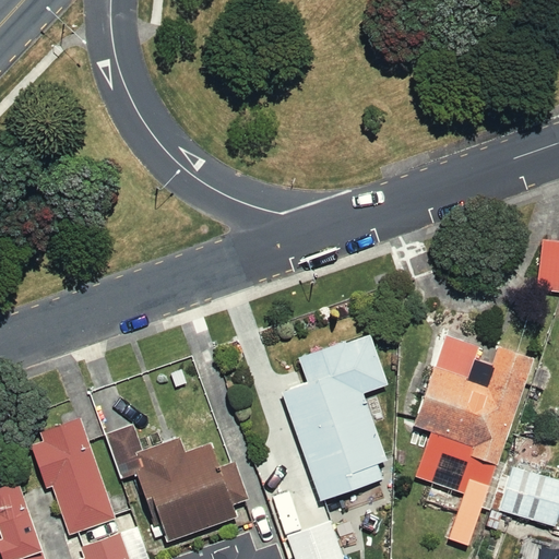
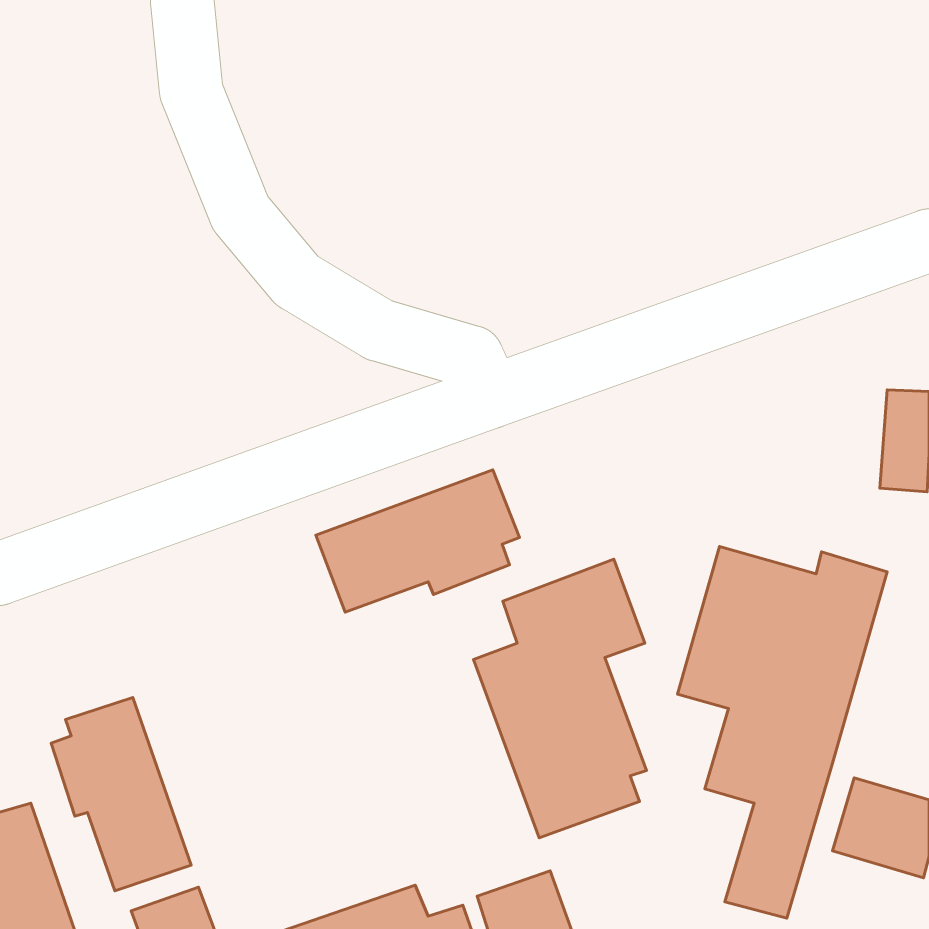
building: none -> [316,470,519,612]
building: [103,425,249,543] -> none

